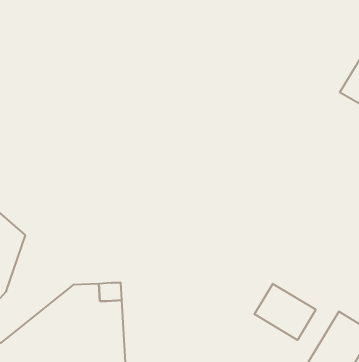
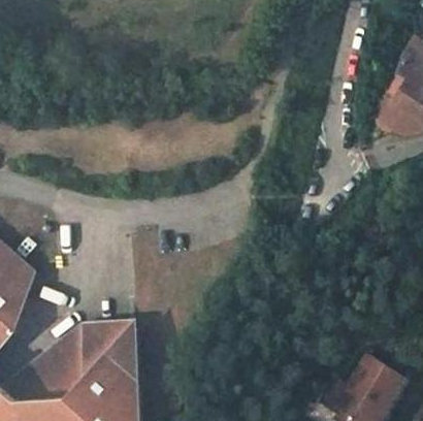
building: [255,284,316,340] -> none

